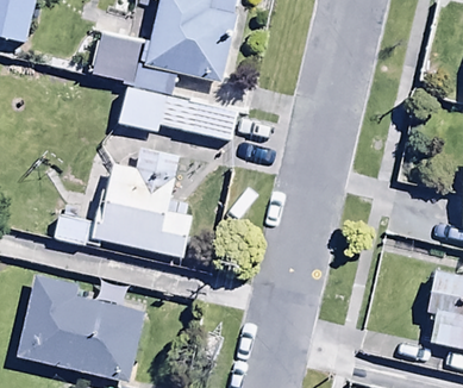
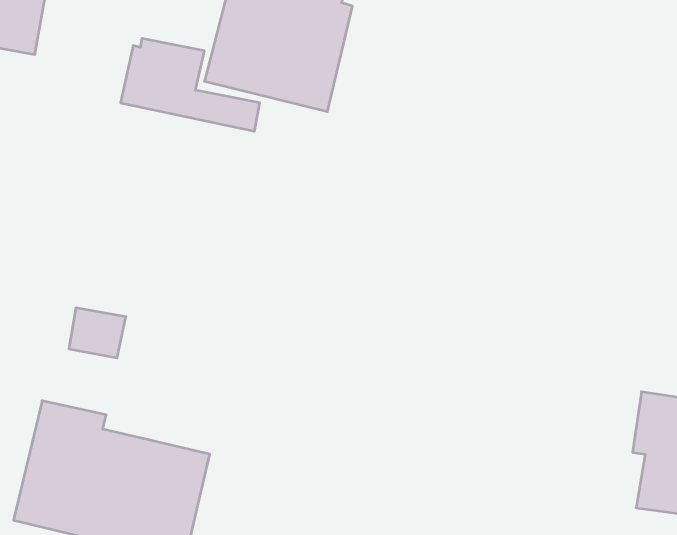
building: [113,86,248,139] -> none
building: [89,145,190,258] -> none

